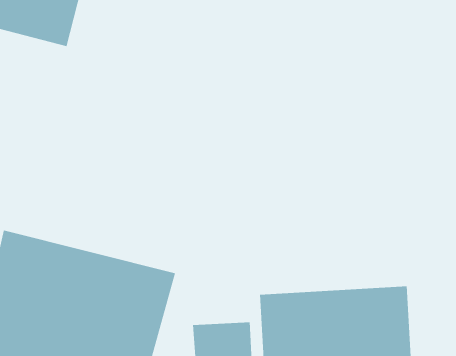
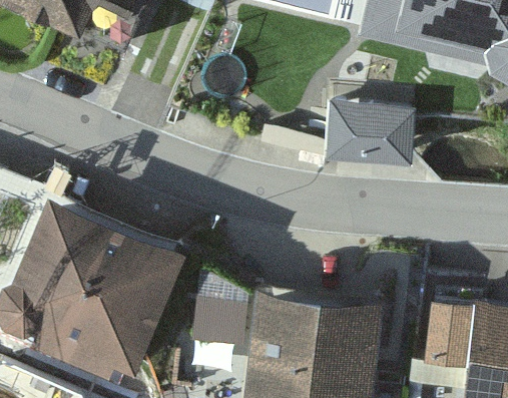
building: none -> [324,99,412,156]

